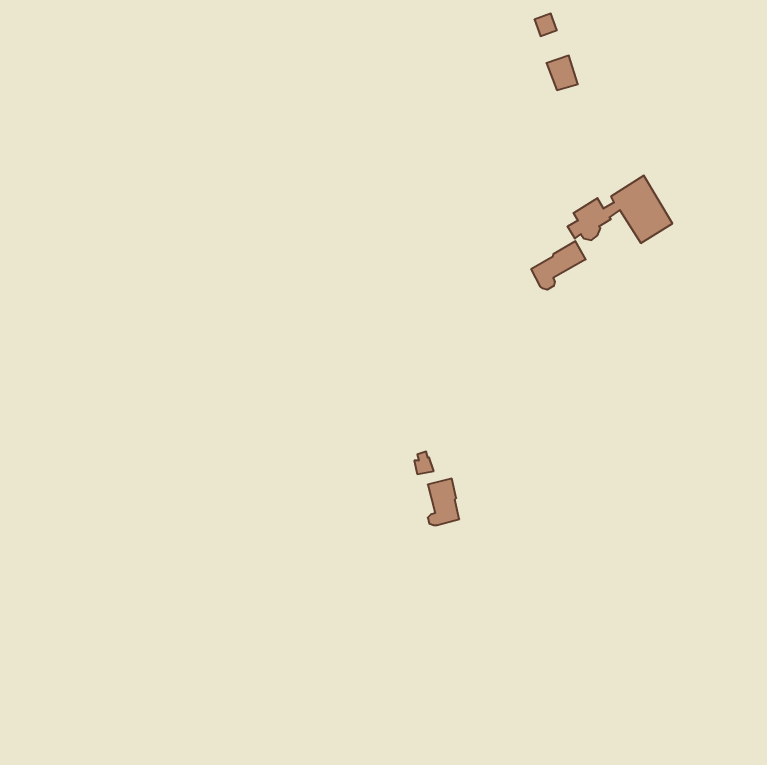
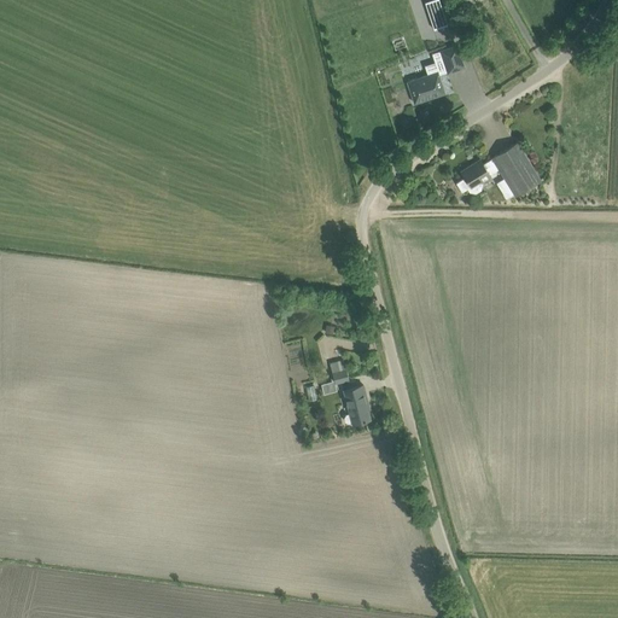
building: none -> [407,72,445,104]
building: [531,241,586,290] -> none

